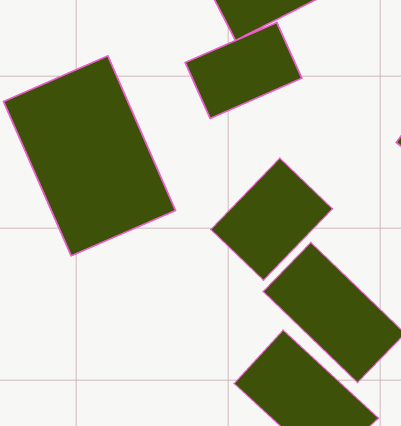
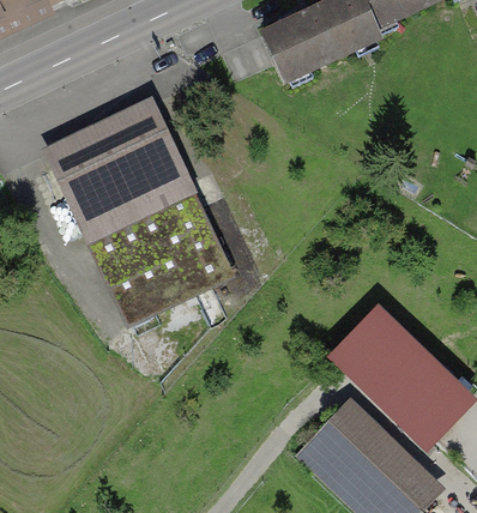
building: [185,22,302,118] -> none
building: [211,158,332,280] -> none

